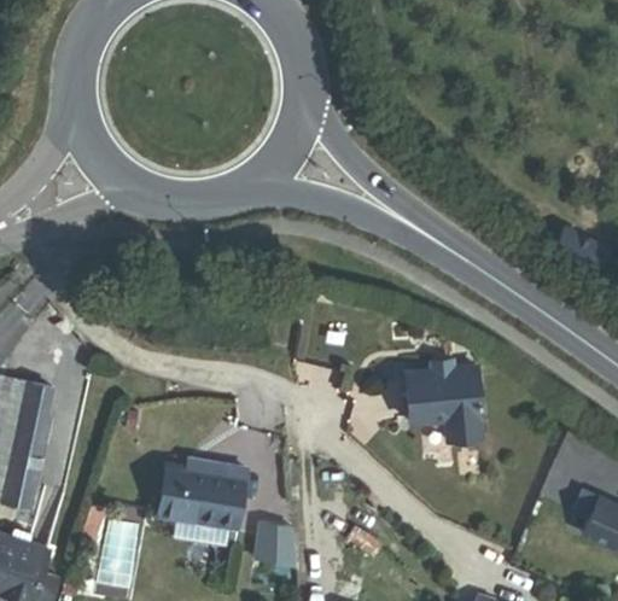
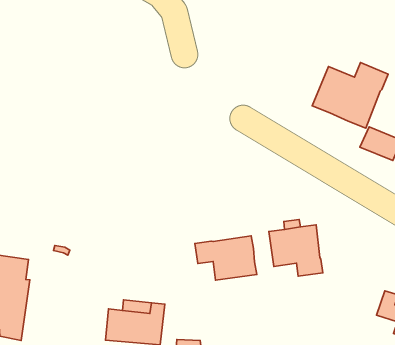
building: none -> [312,63,388,128]
building: none -> [195,236,257,280]

